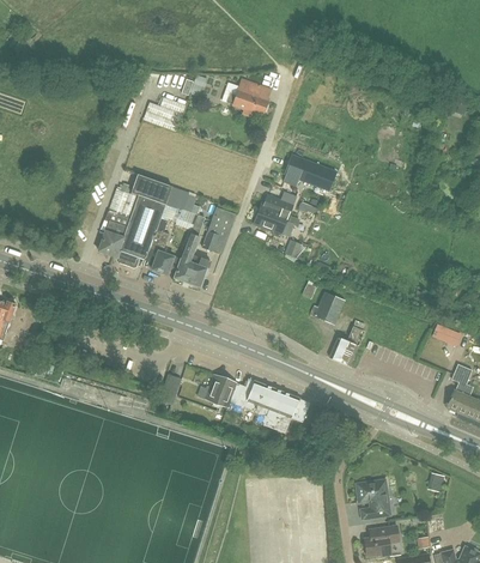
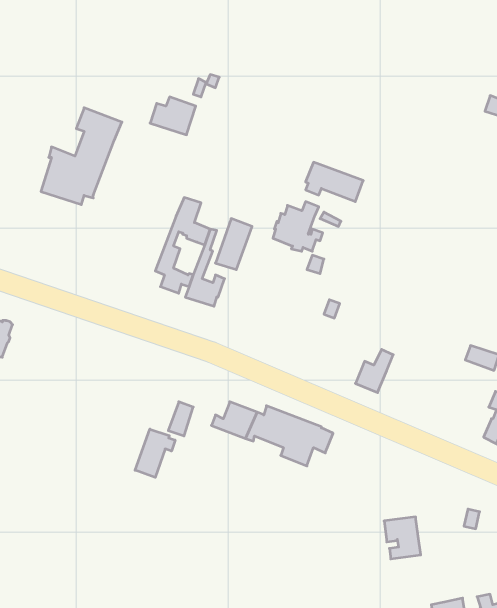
building: [221,80,267,115] -> none
building: [98,174,172,262] -> [41,108,122,205]
building: [310,291,345,323] -> none
building: none -> [135,429,175,477]
building: [363,525,399,555] -> none

